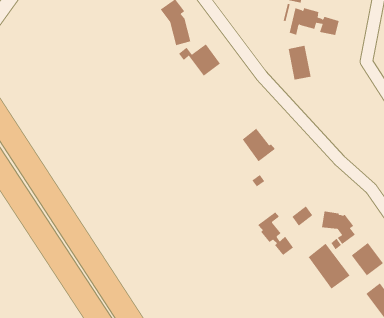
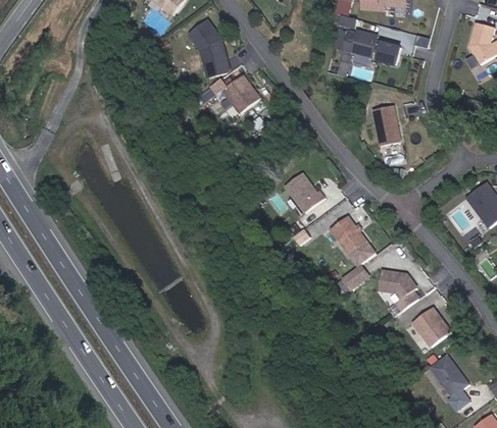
building: [288,45,311,80] -> [372,106,400,147]
building: none -> [330,216,366,255]
building: [257,211,294,256] -> none
building: [308,243,350,289] -> none

